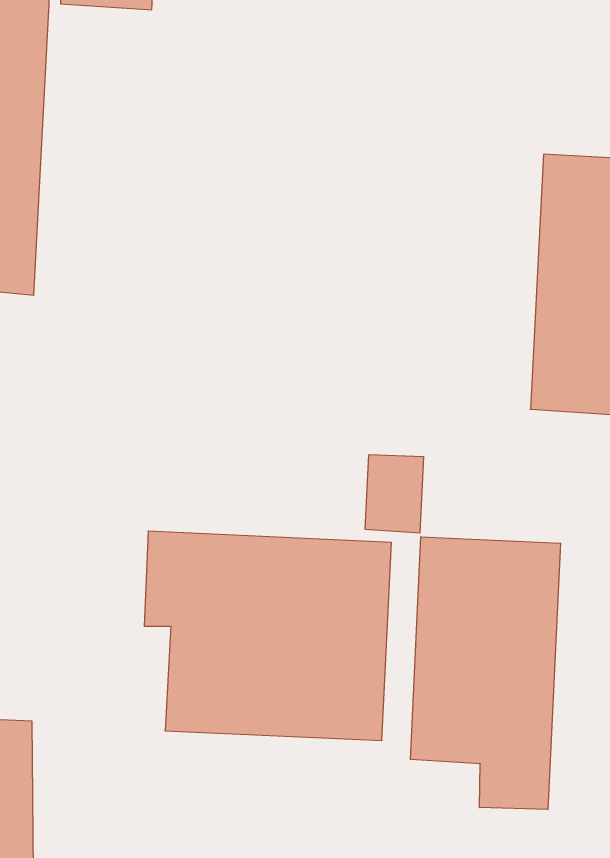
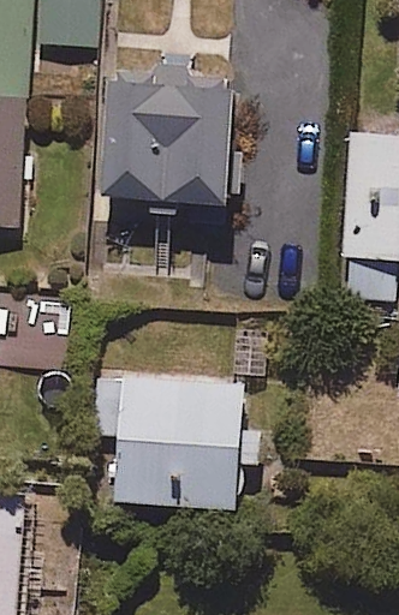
building: none -> [109,60,245,195]
building: [410,537,561,810] -> none

